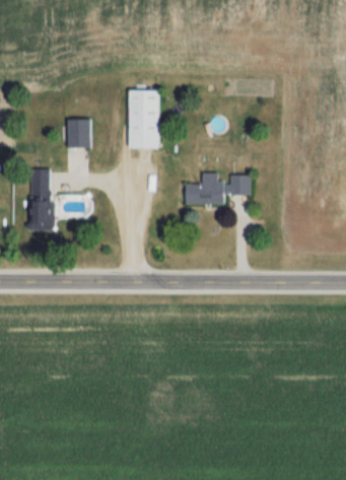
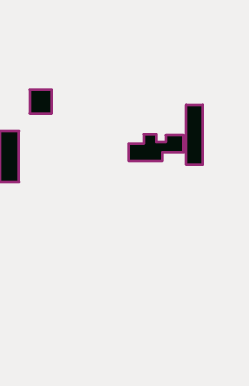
building: [129,89,160,148] -> none
building: none -> [186,105,203,165]

